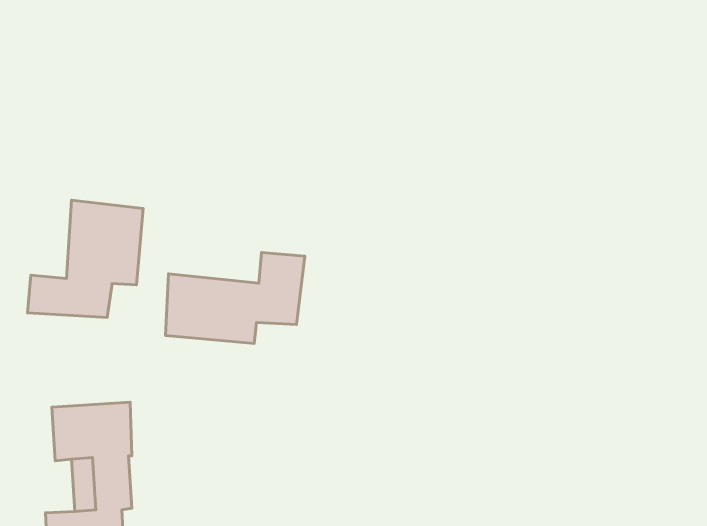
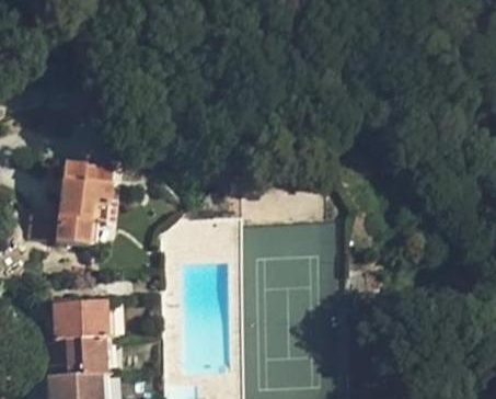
building: [165,252,305,343] -> none

